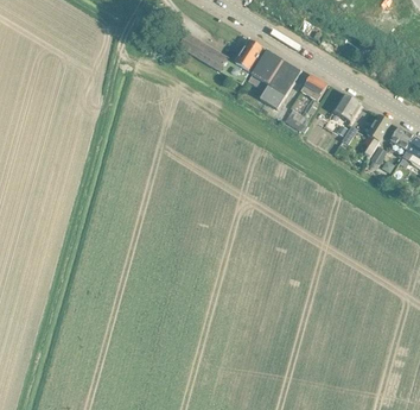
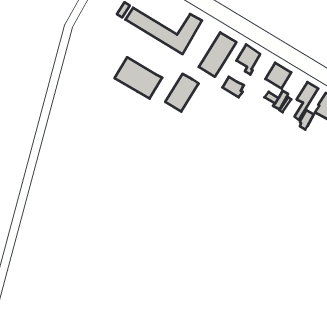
building: [246,48,282,89] -> [165,74,199,112]
building: none -> [115,57,162,99]

